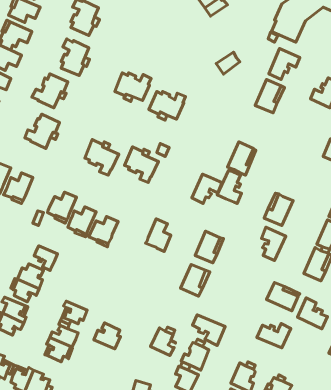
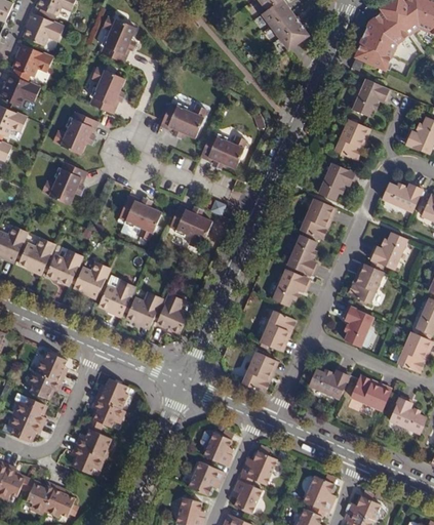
building: [216,52,240,74] -> [278,24,308,51]
building: none -> [318,162,358,199]
building: none -> [381,180,423,211]
building: none -> [368,231,407,270]
building: [192,174,222,203] -> [272,268,310,305]
building: none -> [45,248,81,284]
building: [146,219,171,251] -> [156,292,188,333]
building: [34,246,58,271] -> none
building: [192,315,225,345] -> none
building: [94,323,121,349] -> [95,376,129,409]
building: [257,324,291,348] -> [307,366,350,397]
building: none -> [188,461,225,497]

